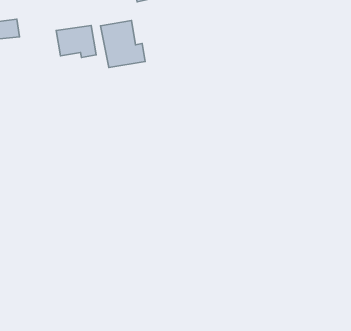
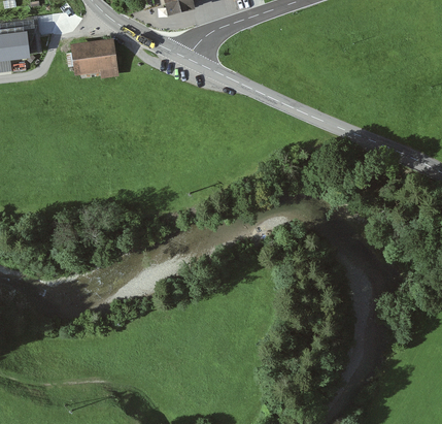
building: [101,21,145,68] -> none

